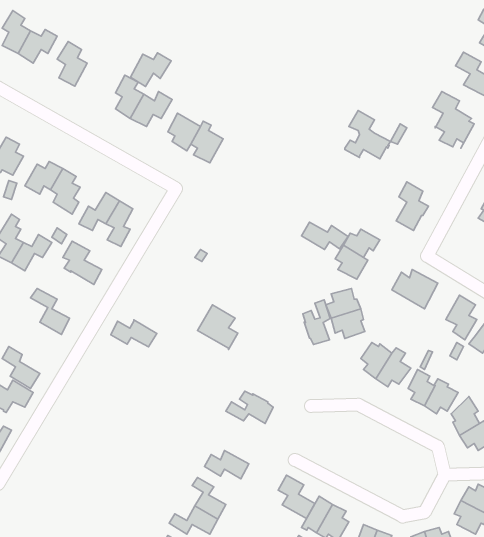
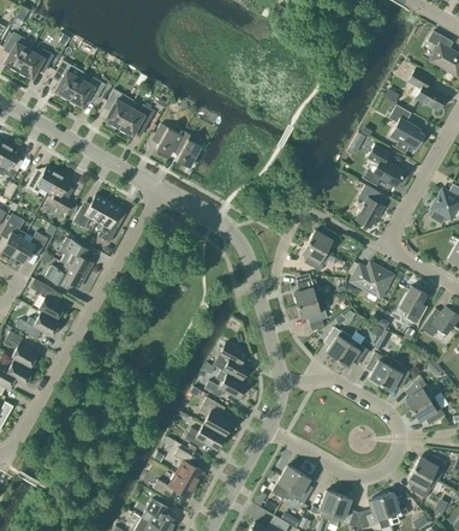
building: [131,53,171,87] -> [68,77,105,107]
building: [345,110,391,159] -> [363,143,404,186]
building: [301,222,348,250] -> none
building: [303,300,330,344] -> none
building: [197,305,238,349] -> [213,341,249,381]
building: [111,320,157,347] -> [44,263,85,287]
building: none -> [14,312,59,339]
building: [278,475,315,518] -> [198,396,231,435]

